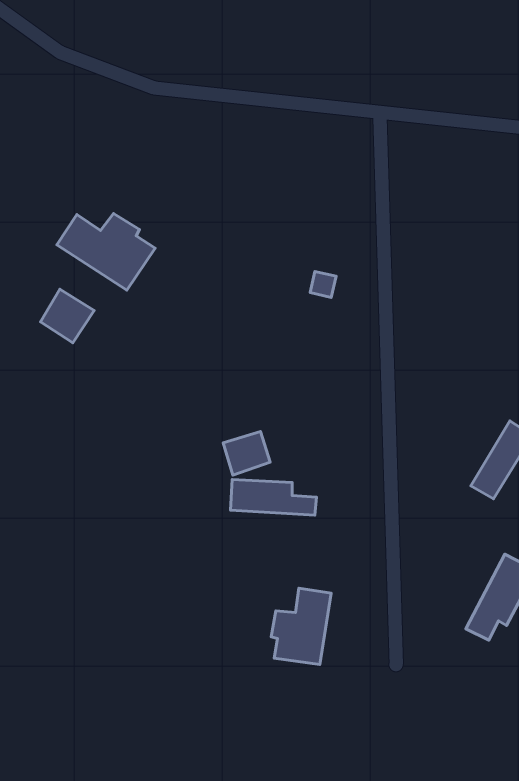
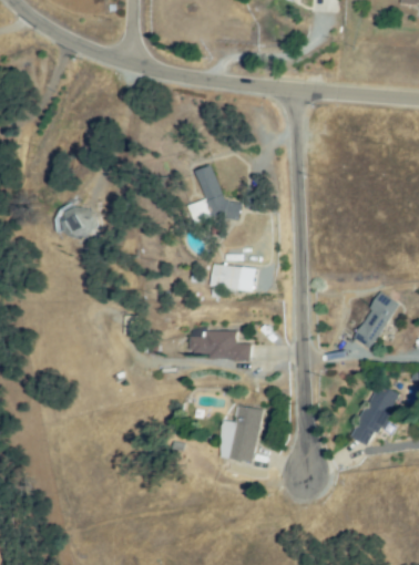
building: [57,213,155,290] -> none
building: none -> [191,166,241,219]
building: [223,431,270,475] -> [211,261,243,291]

